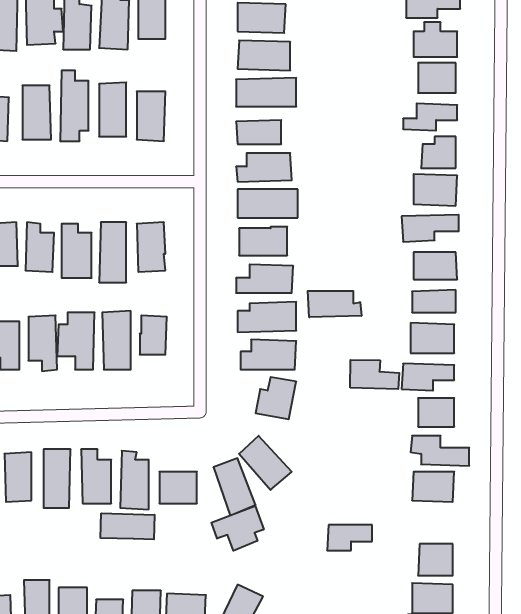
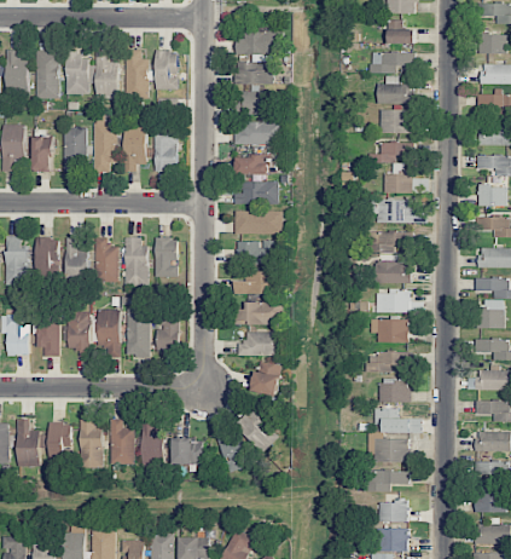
building: [308,291,361,317] -> none
building: [350,360,399,389] -> none
building: [211,506,264,551] -> none
building: [101,513,155,539] -> none
building: [327,525,372,550] -> [372,471,408,491]

